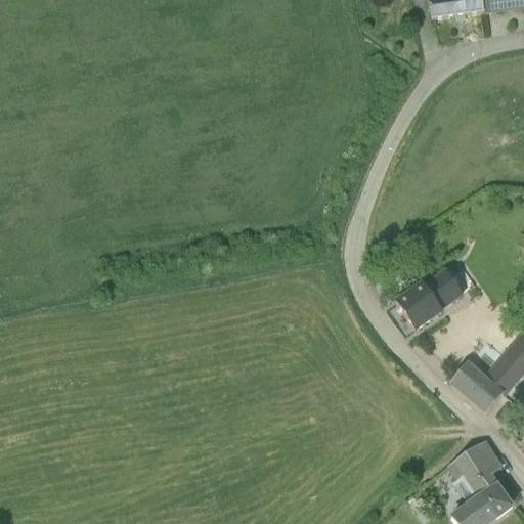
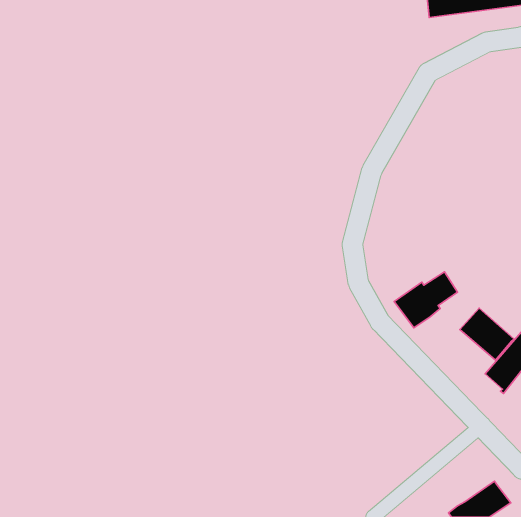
building: [450,359,505,411] -> [460,308,514,360]
building: [449,441,501,503] -> none

